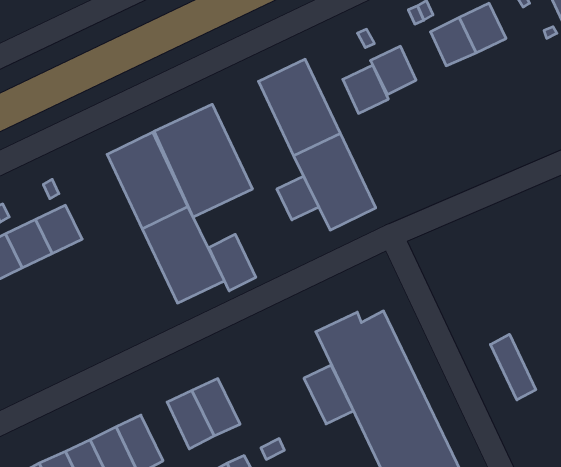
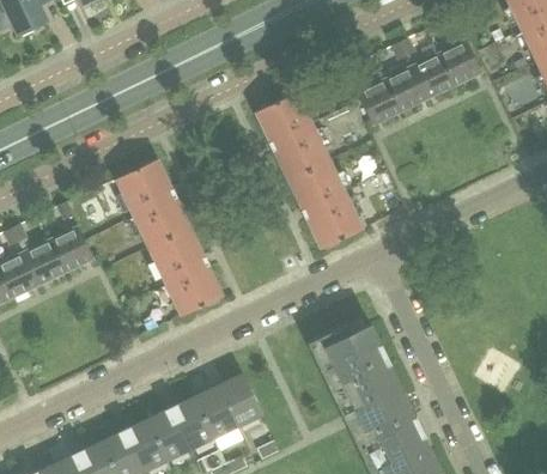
building: [343,65,388,113] -> [385,67,427,111]
building: [154,104,252,217] -> none
building: [277,176,319,220] -> none
building: [209,234,256,291] -> none
building: [490,334,536,400] -> none
building: [304,365,353,424] -> [218,373,263,427]
building: none -> [147,407,192,461]

